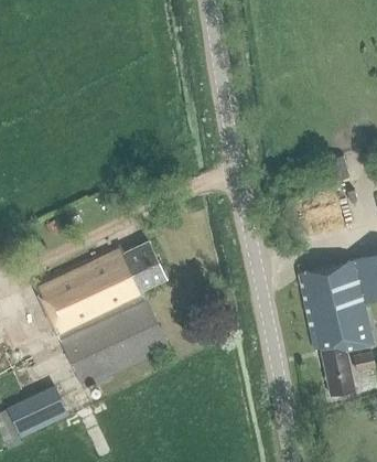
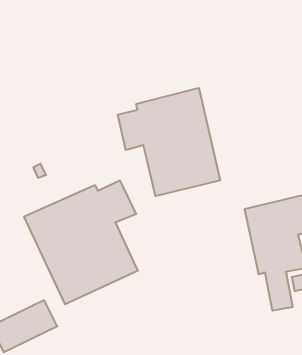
building: none -> [118,88,220,196]

